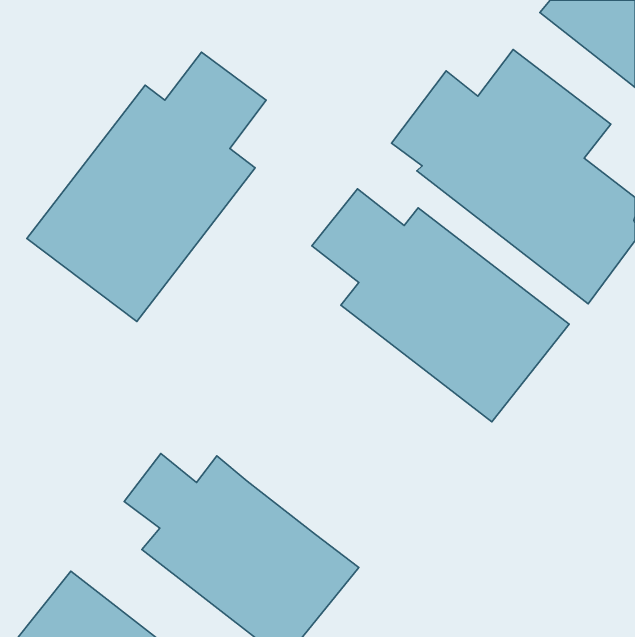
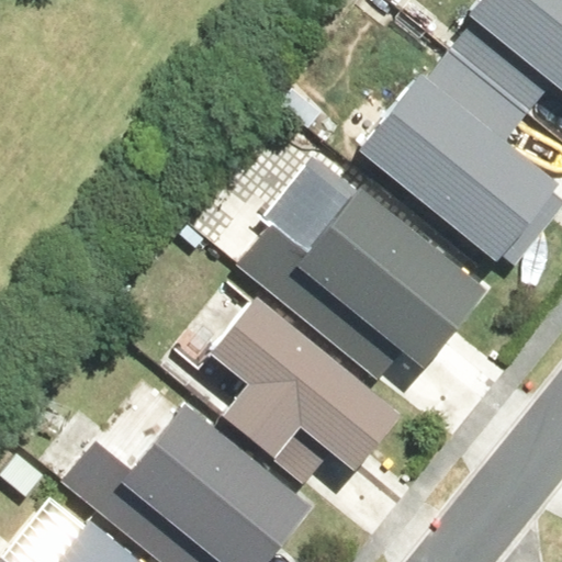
building: [27,52,266,321] -> none
building: none -> [182,290,406,472]

